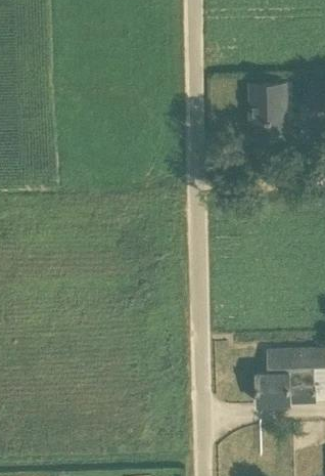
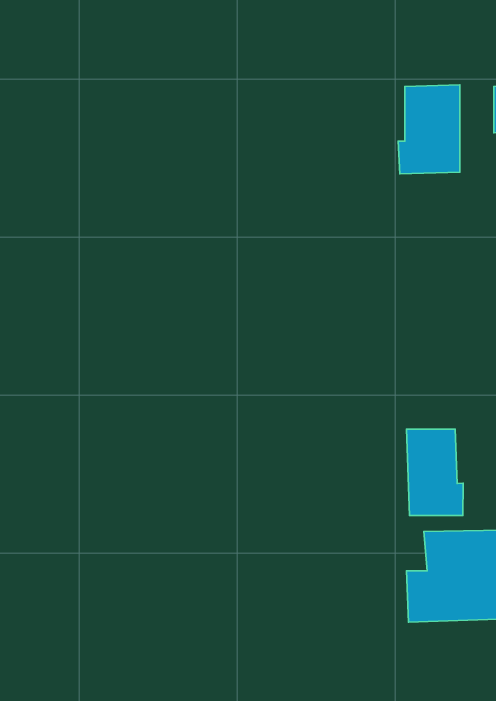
building: none -> [407,429,463,516]

